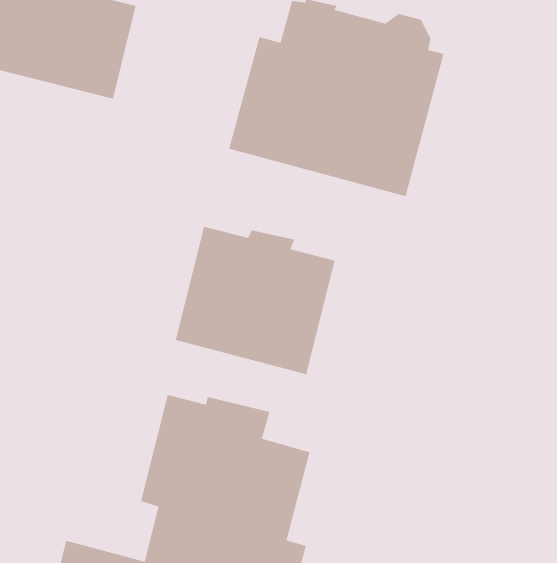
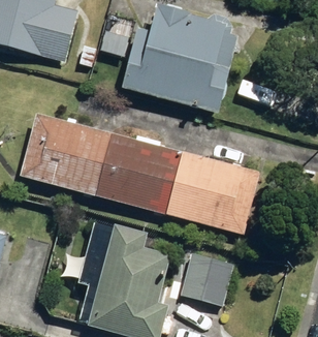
building: none -> [20,112,112,193]
building: none -> [167,150,259,233]
building: none -> [182,252,234,305]

